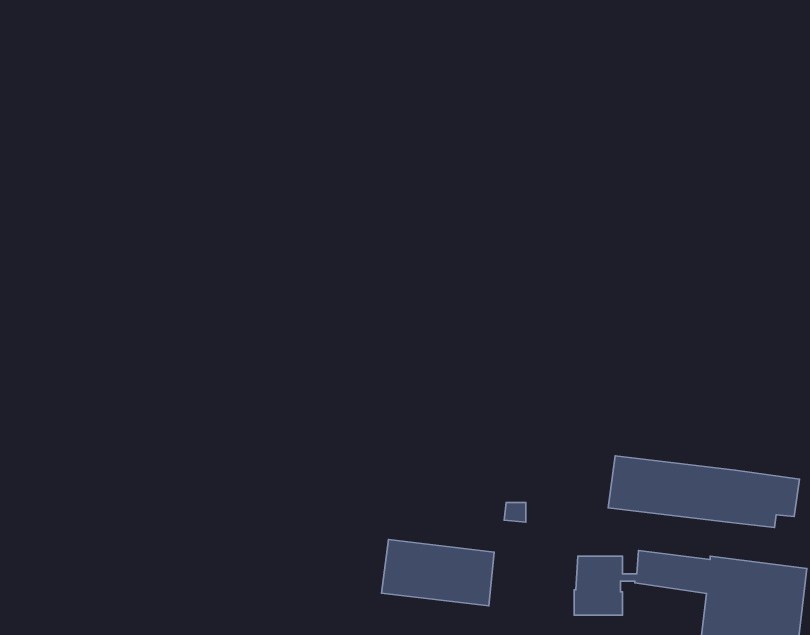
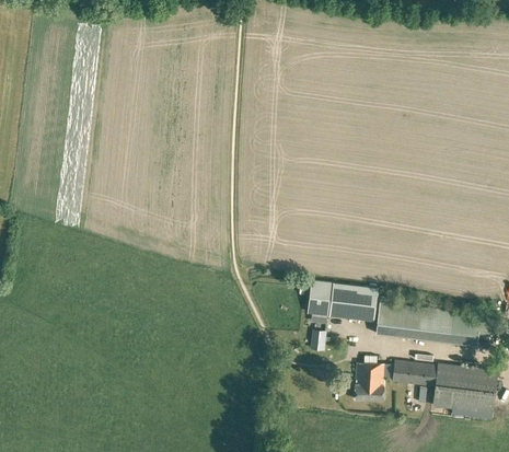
building: [381,540,494,606] -> [308,280,377,321]

